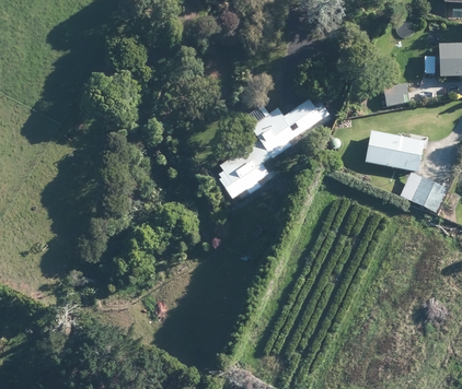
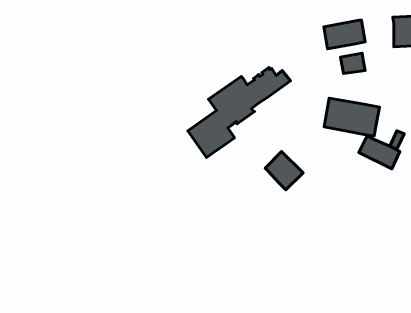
building: none -> [324,20,365,49]
building: none -> [265,151,303,190]

